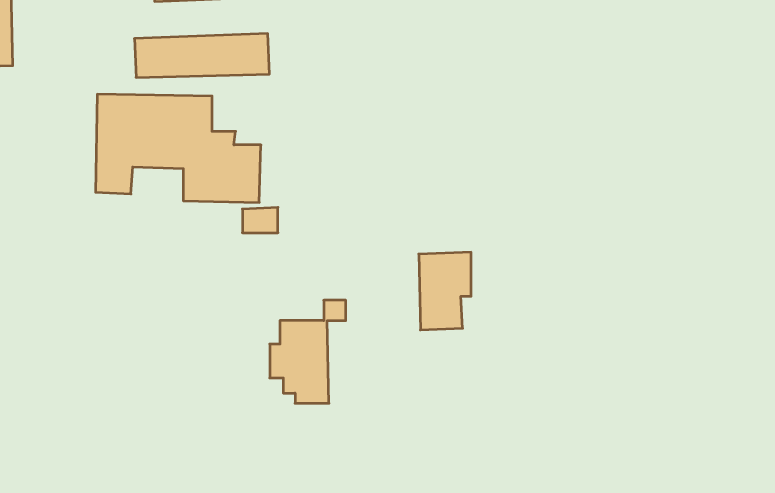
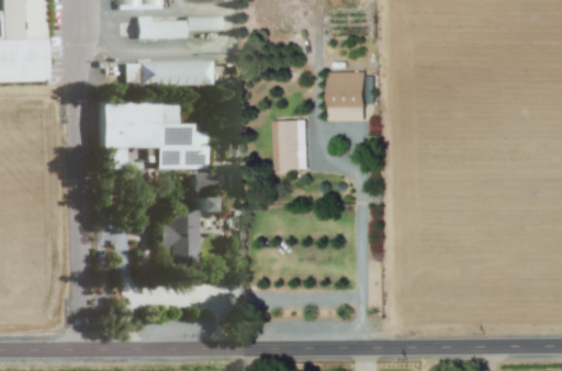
building: none -> [330,71,368,121]
building: [419,252,471,330] -> [274,120,308,170]
building: [270,300,346,403] -> [159,198,209,265]

